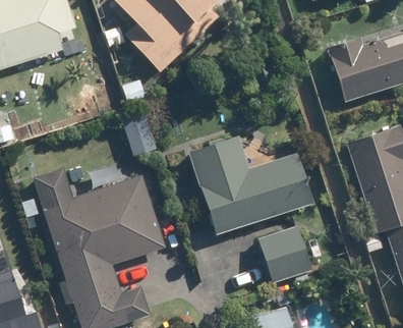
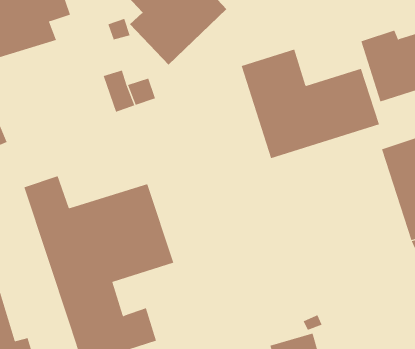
building: [188,134,311,232] -> [241,49,380,159]
building: [257,226,309,286] -> none

